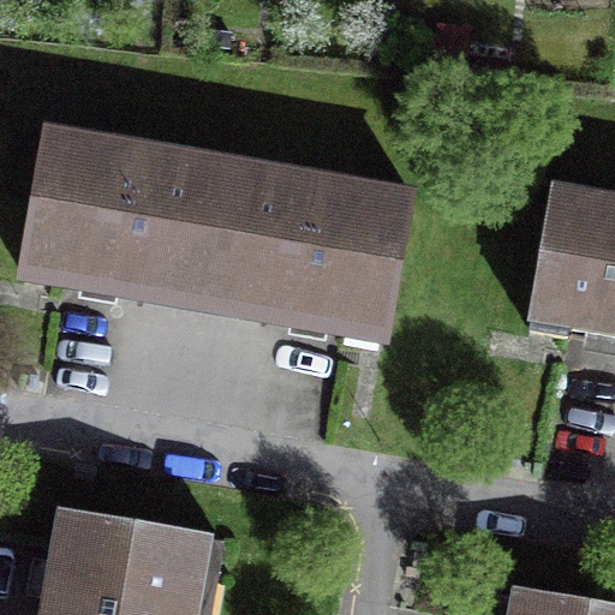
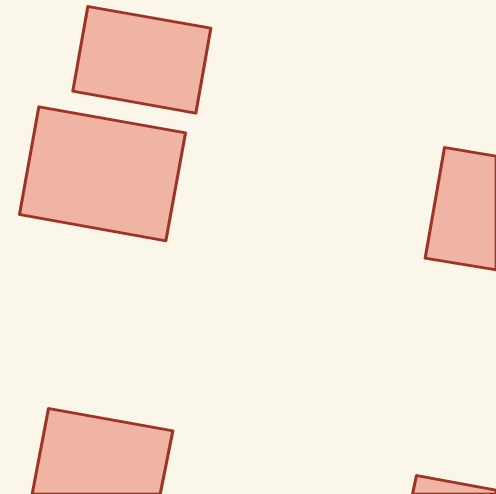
building: none -> [73,6,211,113]
building: [205,165,411,329] -> none

